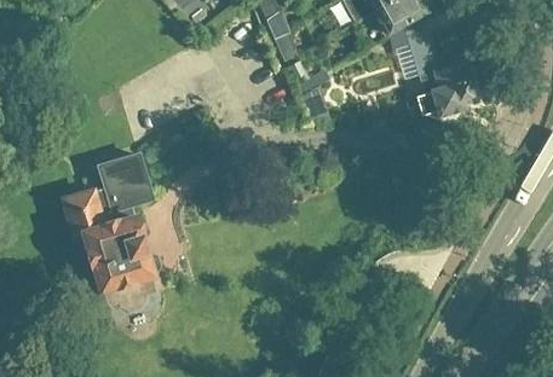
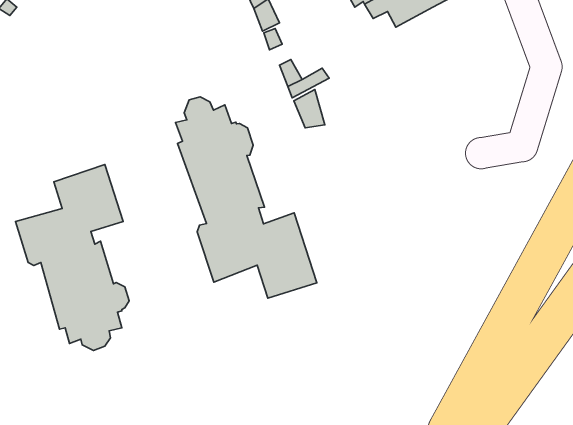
building: [387,17,472,116] -> none
building: none -> [176,97,317,298]

